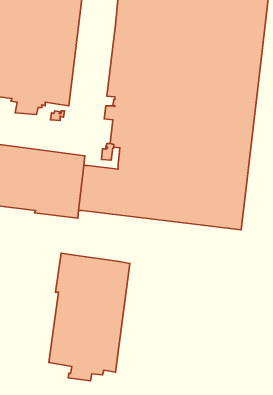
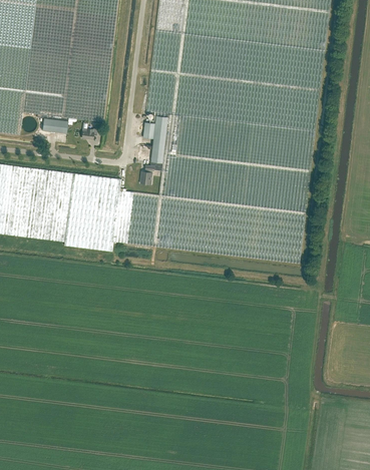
building: [49,253,130,381] -> none

